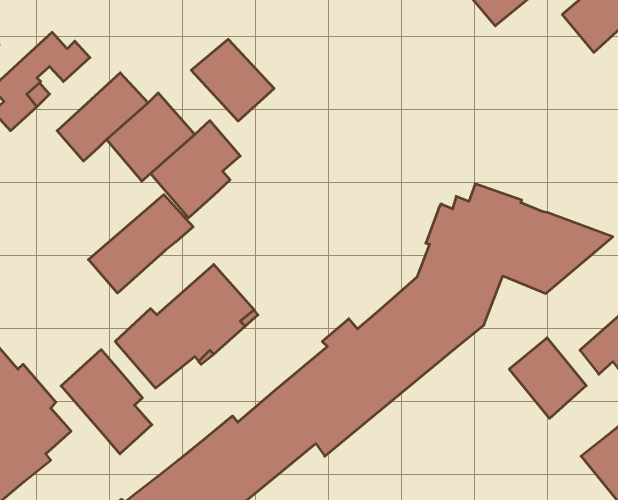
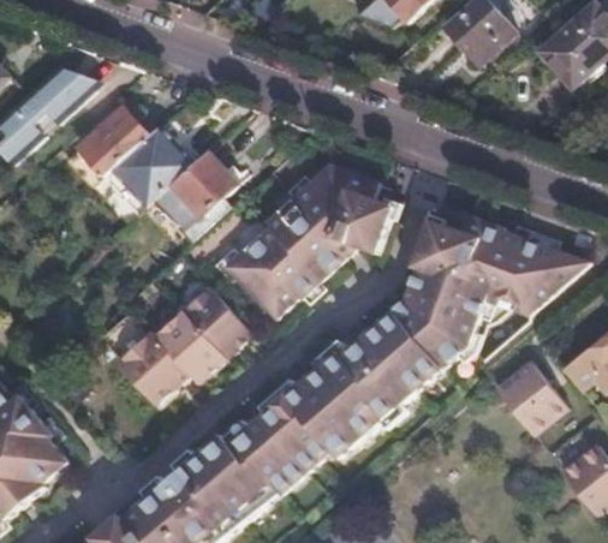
building: [191,39,274,121] -> none
building: none -> [223,162,391,318]
building: [88,195,193,293] -> none
building: [61,350,152,454] -> none

